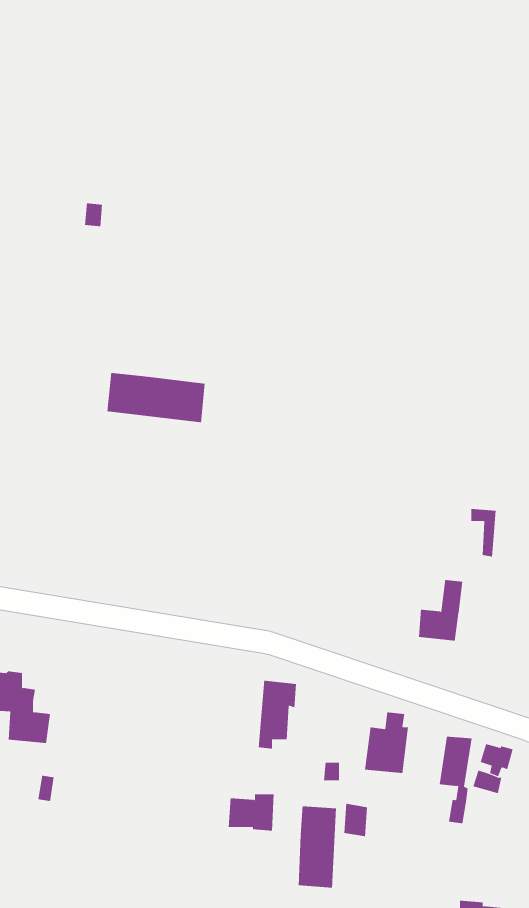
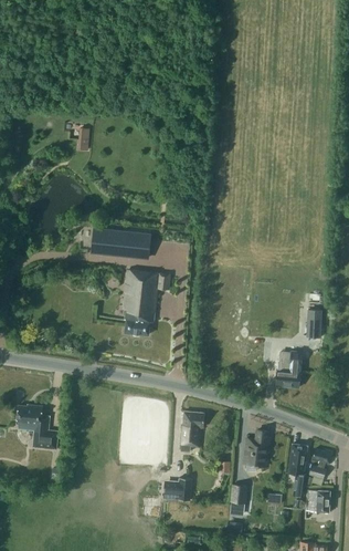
building: none -> [123,269,169,335]
building: [298,805,337,888] -> none
building: none -> [305,489,329,511]

